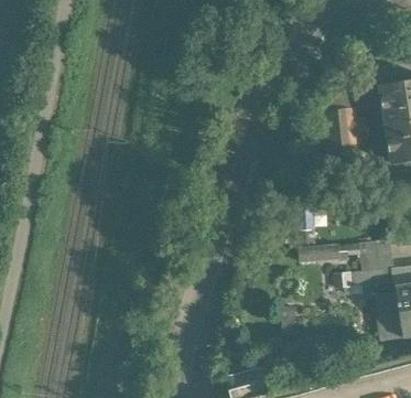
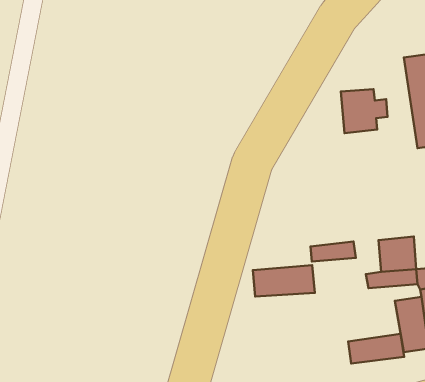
building: none -> [253,265,315,297]
building: none -> [348,334,404,363]

